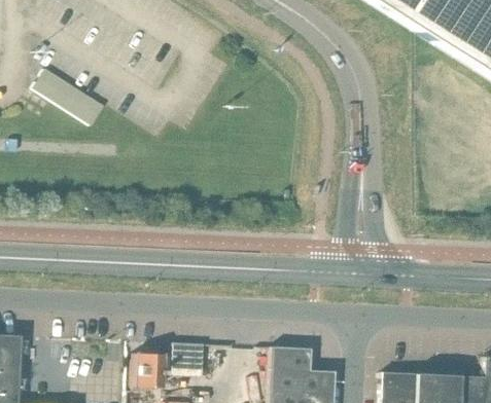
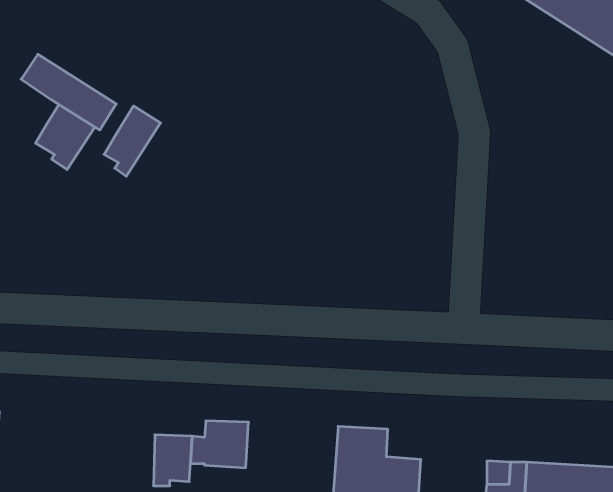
building: none -> [36,104,95,170]
building: none -> [104,106,161,176]

